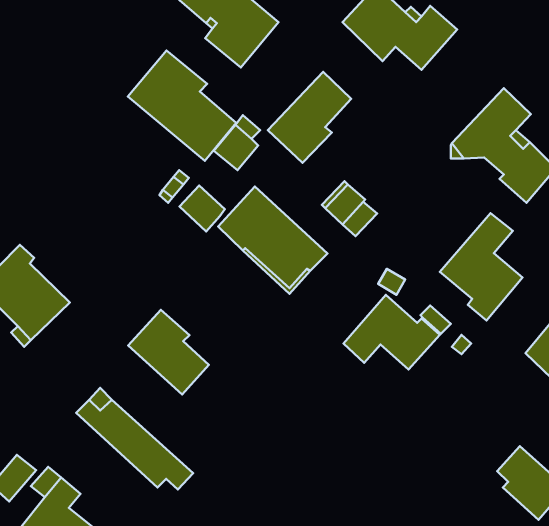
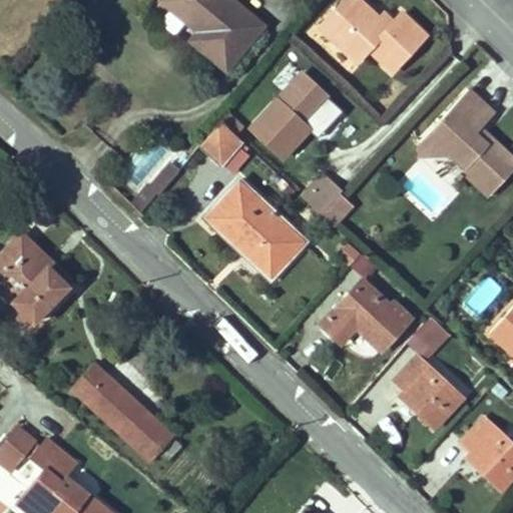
building: [128,51,236,161] -> none
building: [179,185,225,231] -> none
building: [440,213,522,321] -> none
building: [128,310,209,394] -> none
building: none -> [397,357,463,428]

